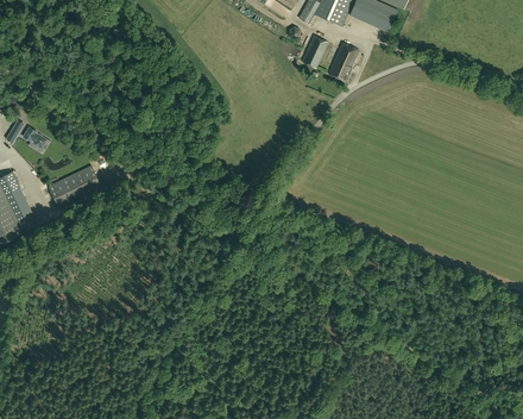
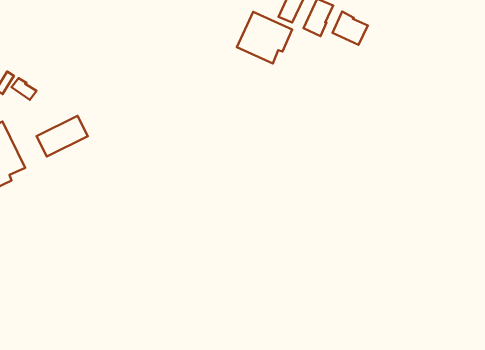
building: none -> [332,12,368,45]
building: none -> [237,12,292,63]

